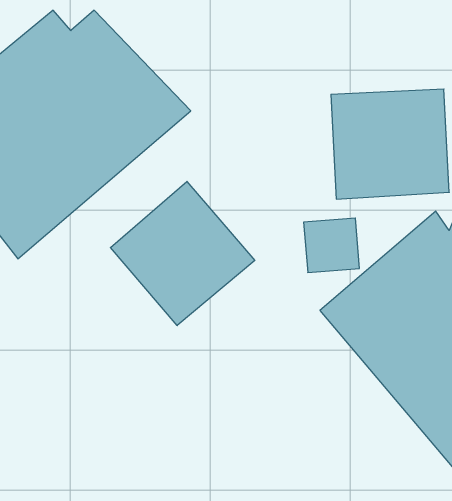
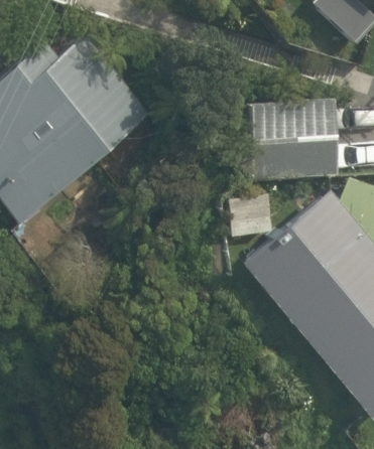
building: [110,181,255,326] -> none

